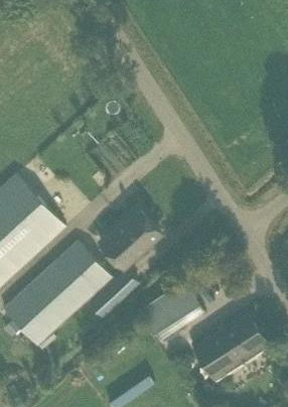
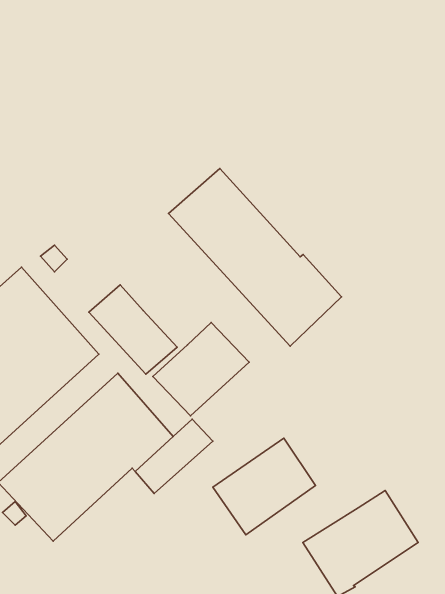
building: none -> [168,169,342,346]
building: none -> [89,285,177,374]

